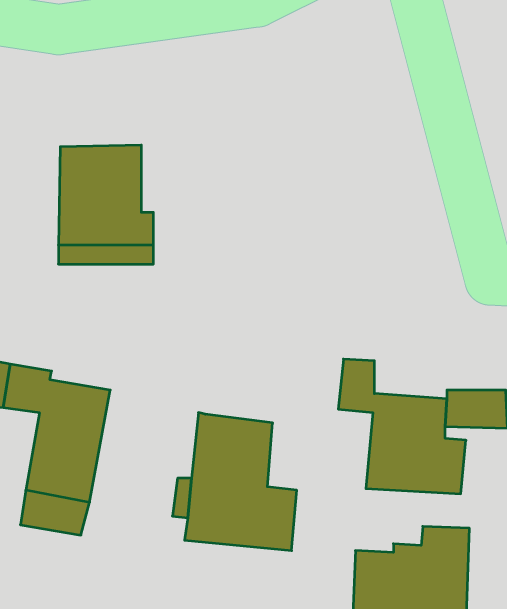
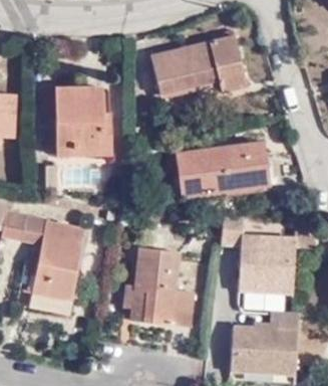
building: none -> [156,40,245,91]
building: none -> [173,139,266,196]

